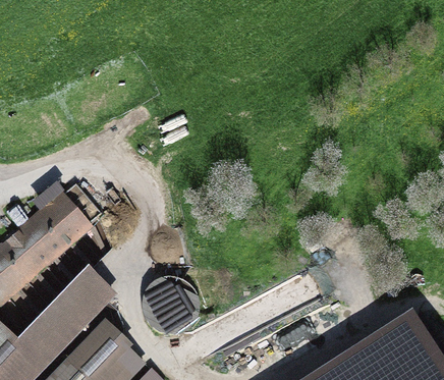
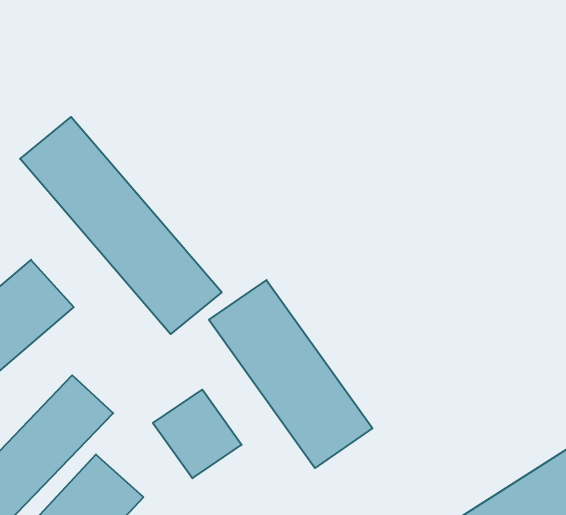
building: none -> [20,117,222,334]
building: none -> [209,280,372,468]

